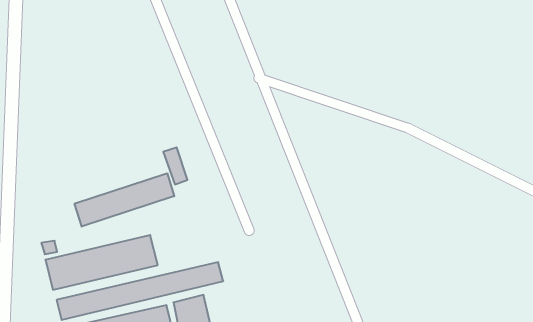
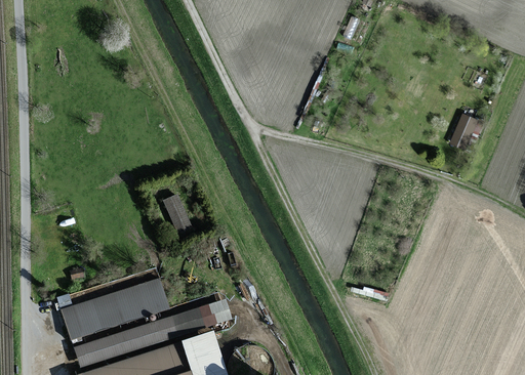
building: none -> [450,115,476,149]
building: [75,173,174,227] -> none

